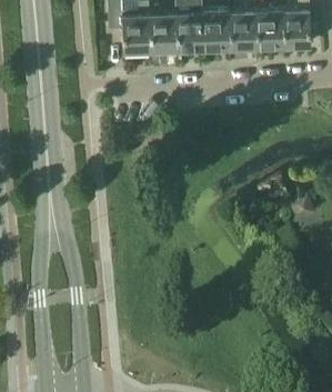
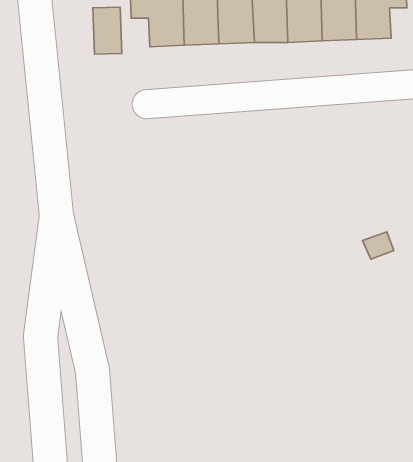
building: none -> [93,7,122,54]

